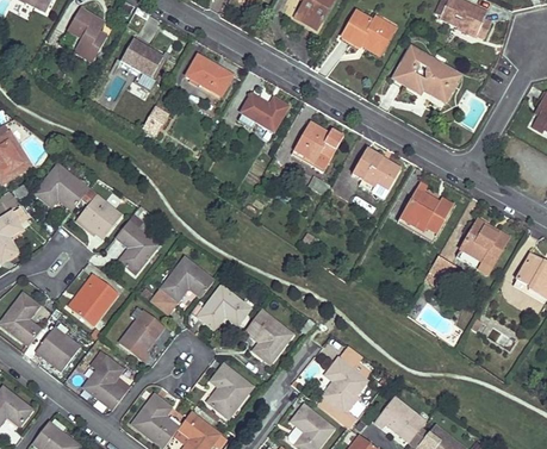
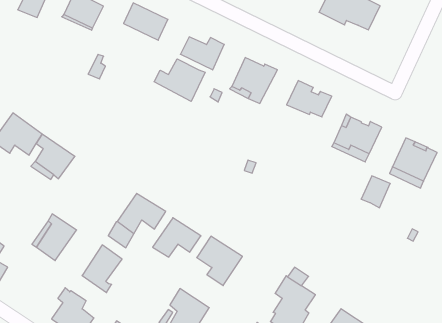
building: none -> [154,59,205,101]
building: [117,216,158,272] -> none
building: [37,326,81,370] -> none

